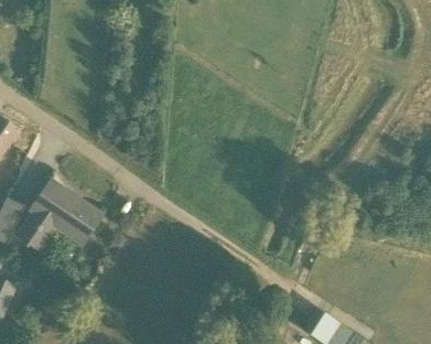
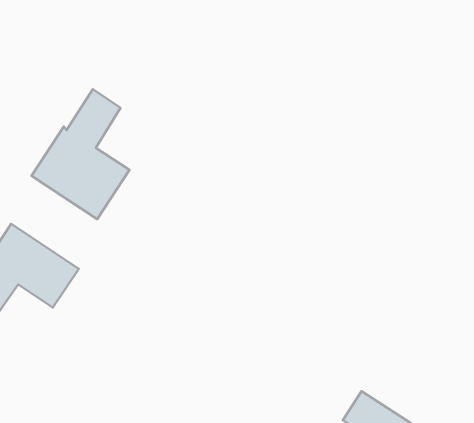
building: none -> [31,89,130,219]

